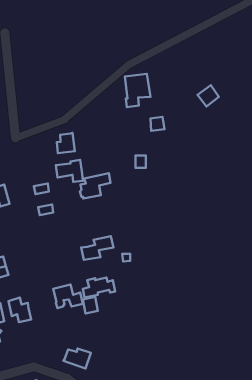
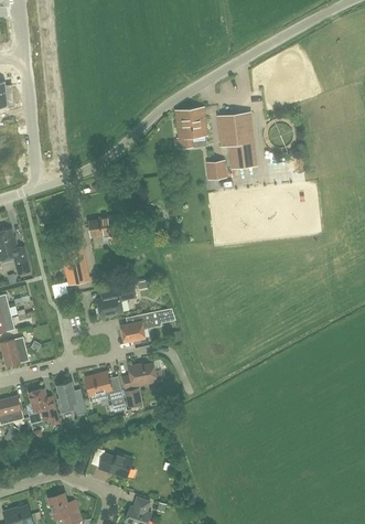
building: none -> [217,113,256,168]
building: [57,133,75,153] -> none
building: [80,173,110,199] -> [96,285,135,317]
building: none -> [56,379,86,415]

